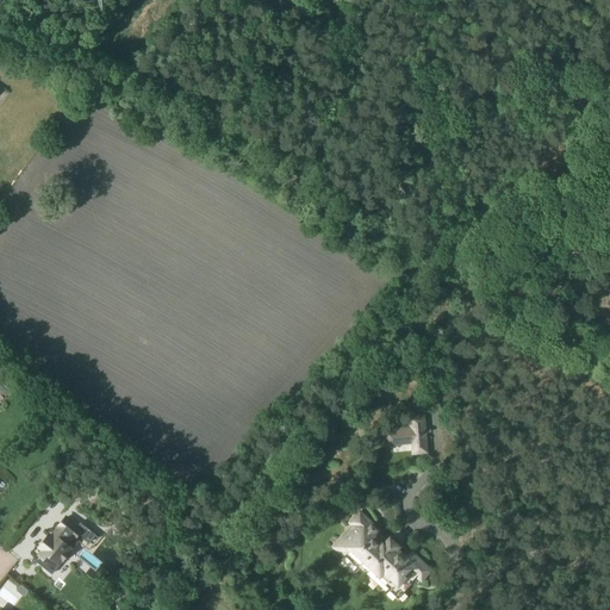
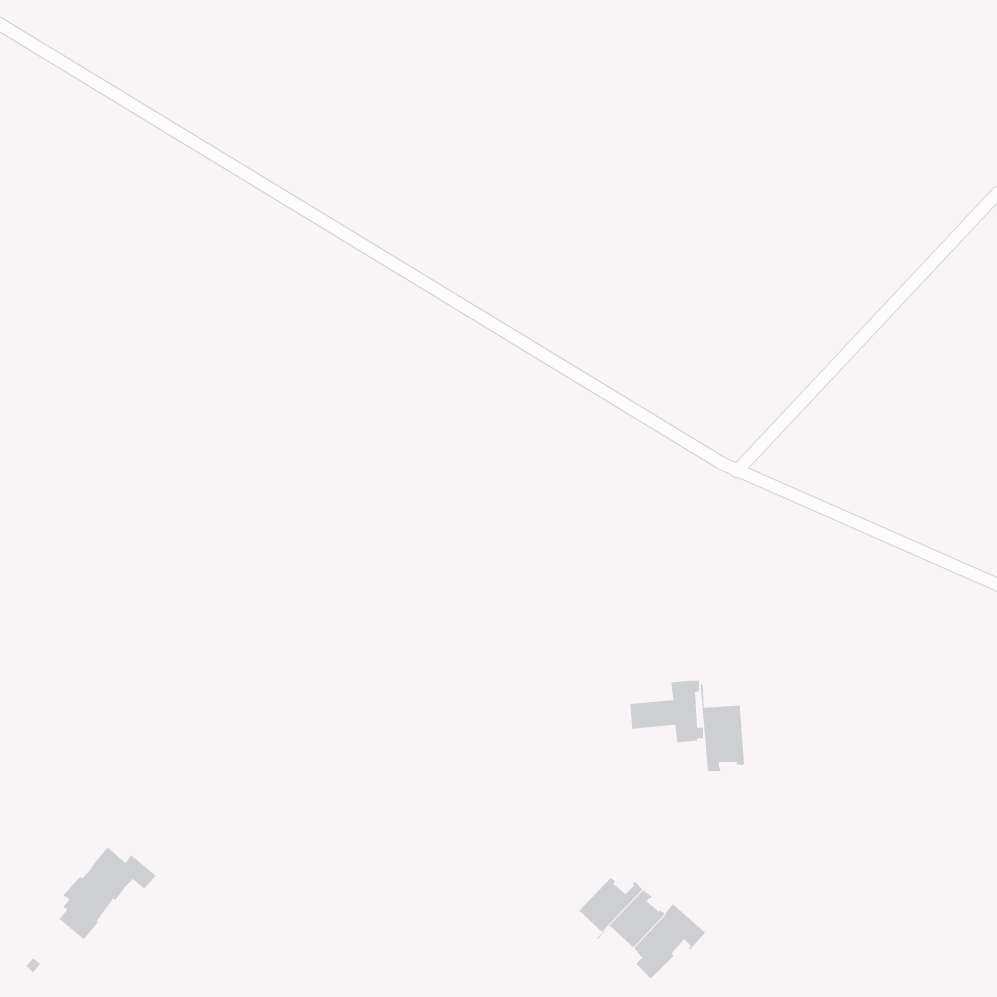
building: none -> [700,684,744,772]
building: [334,511,378,555] -> none

